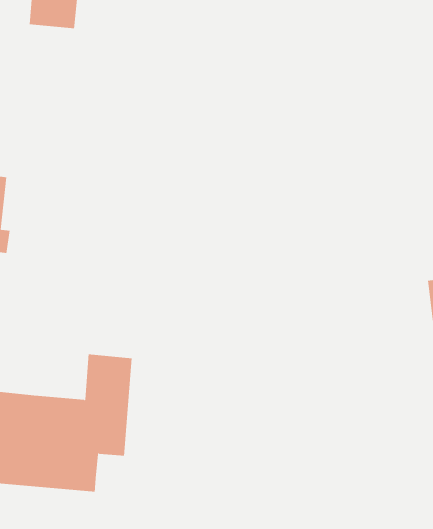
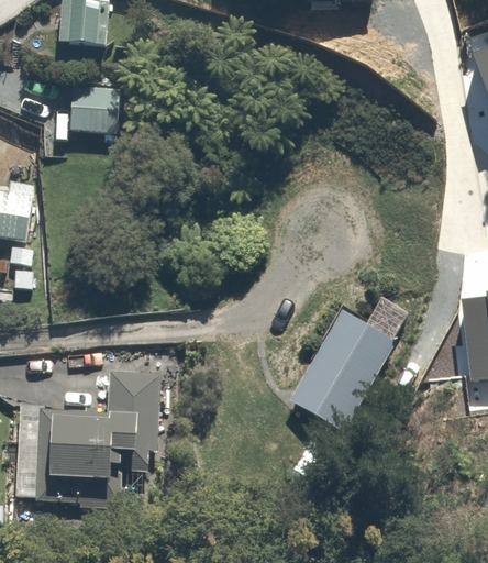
building: none -> [67,79,118,132]
building: none -> [288,309,395,430]

